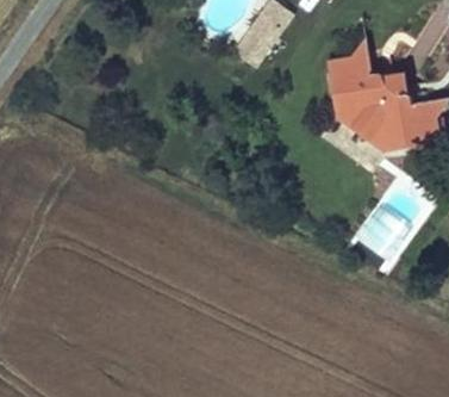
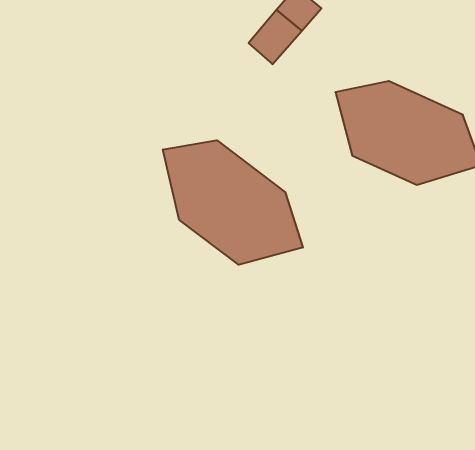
building: none -> [163,140,303,265]

